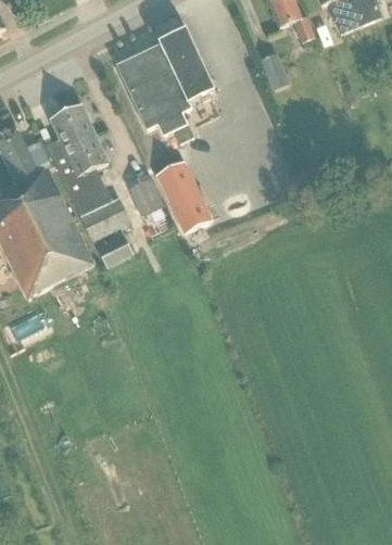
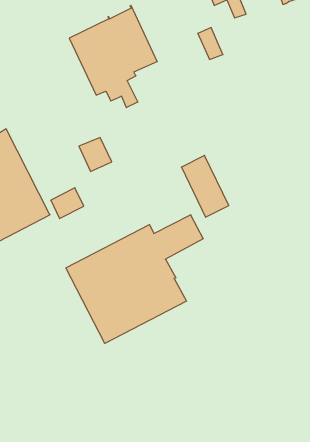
building: [49,103,128,238] -> none
building: [156,161,210,230] -> [181,155,229,217]
building: none -> [66,215,203,343]

